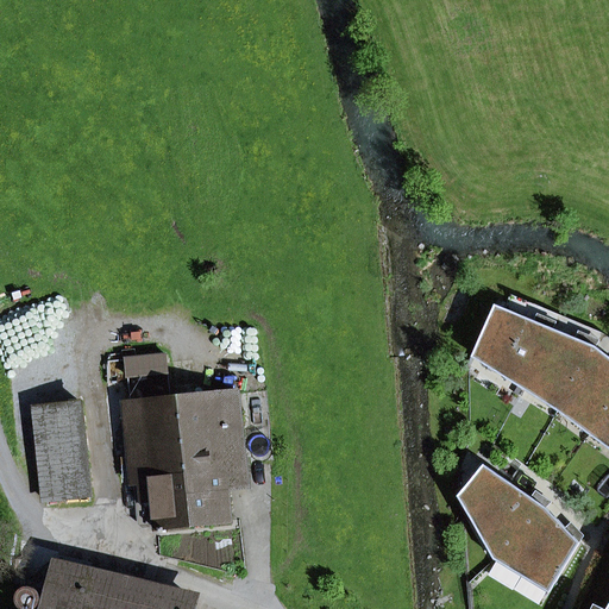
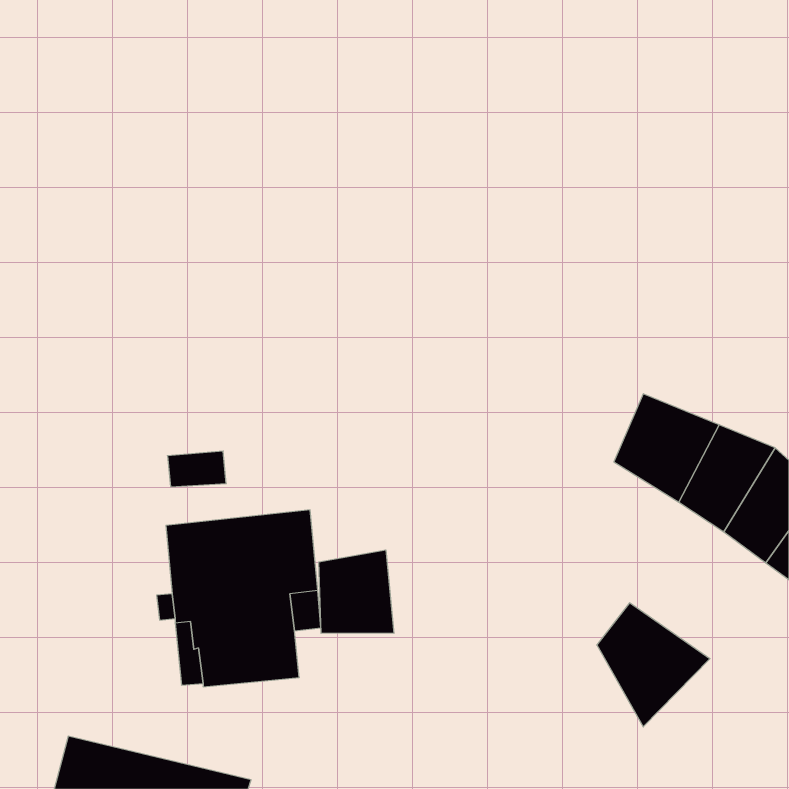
building: [36,402,88,498] -> none
building: none -> [319,550,394,633]
building: [494,506,578,590] -> none

